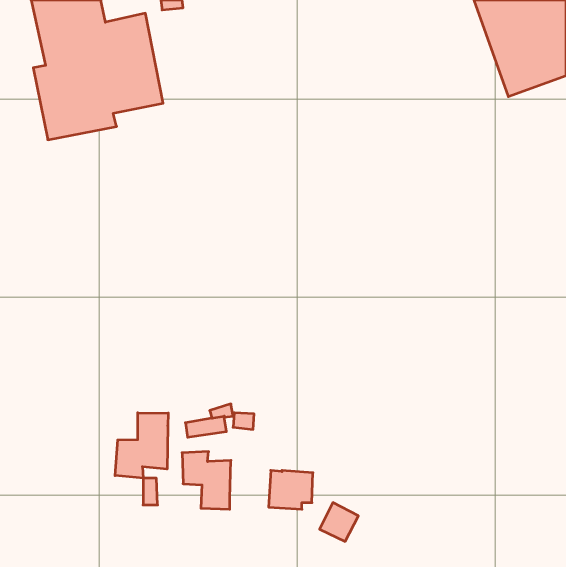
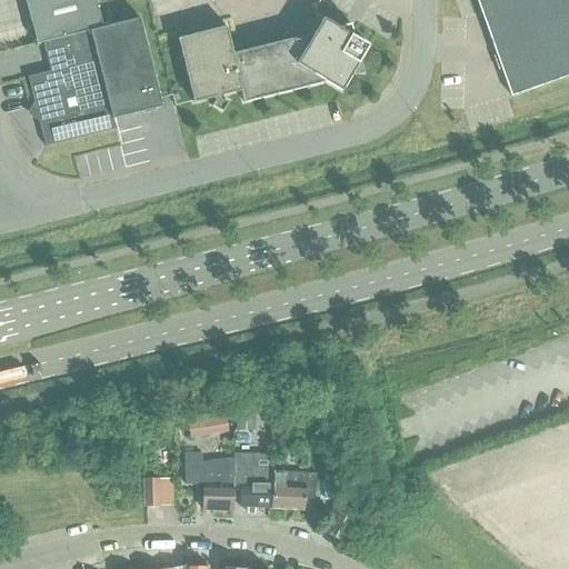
building: none -> [183,13,375,99]
building: [115,413,168,478] -> none
building: none -> [230,455,271,508]

